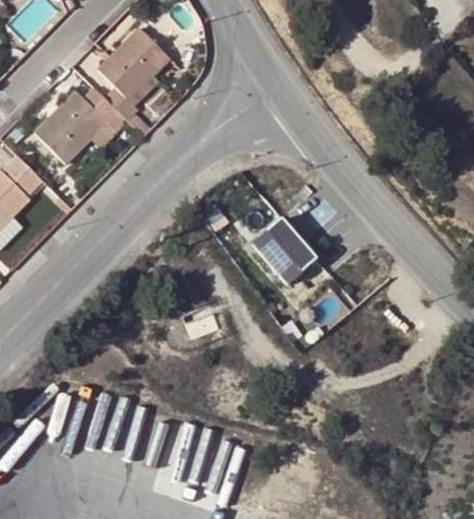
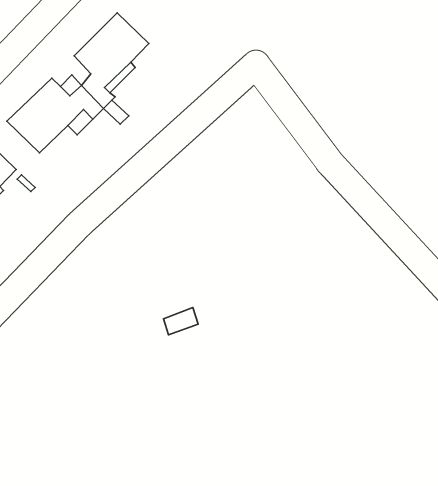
building: [251,216,316,282] -> none

